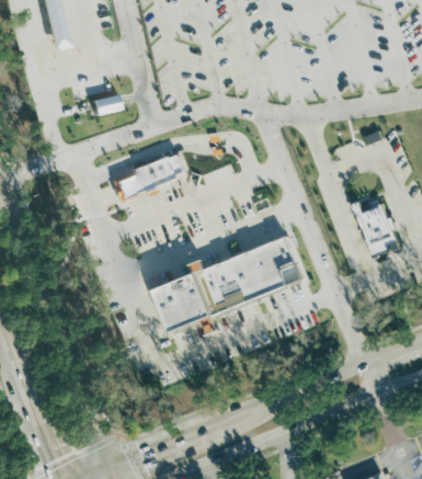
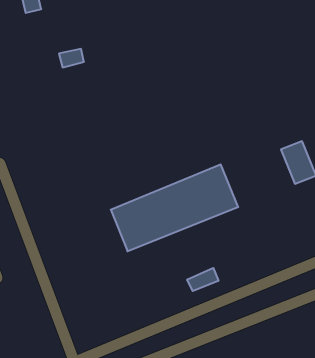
building: [114,151,184,197] -> none
building: none -> [187,268,218,291]

